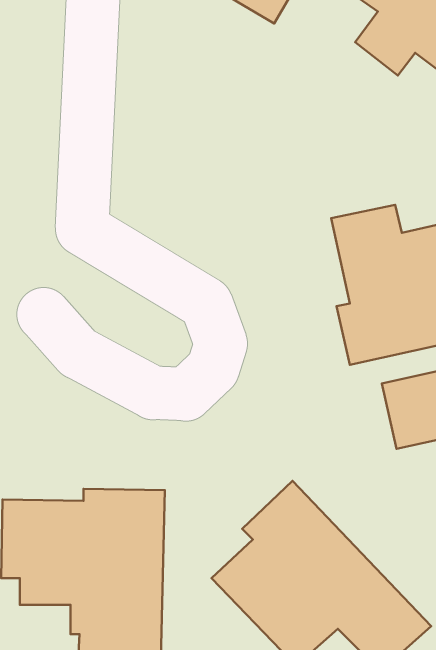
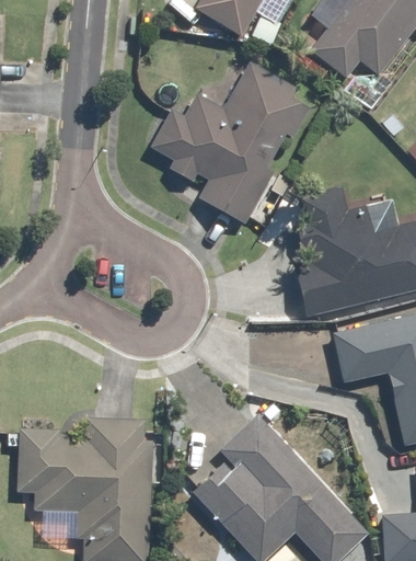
building: none -> [148,61,311,227]

